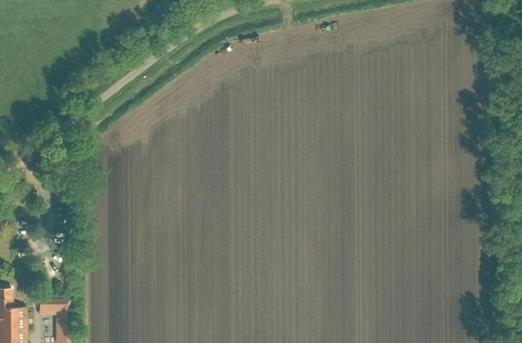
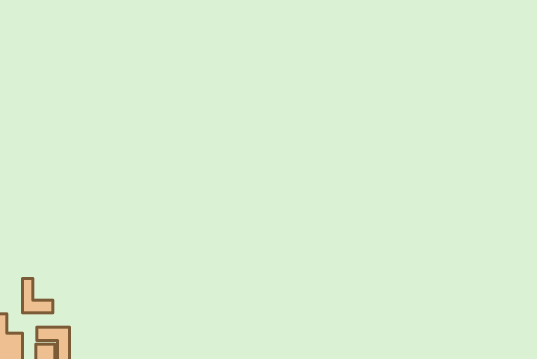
building: none -> [22,278,53,313]

